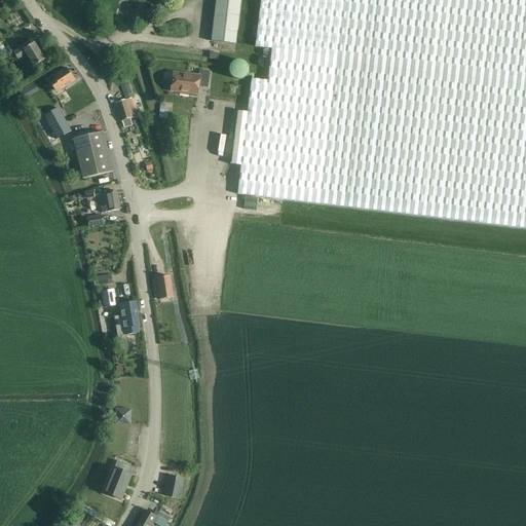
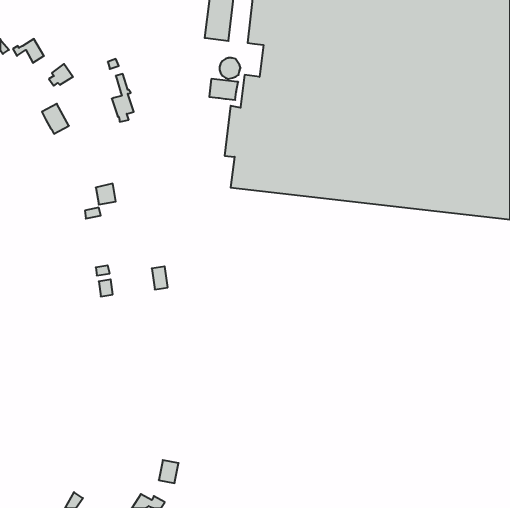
building: [171,71,200,92] -> [209,79,238,100]
building: [74,129,113,177] -> none
building: [114,300,140,334] -> none
building: [104,459,132,497] -> none

